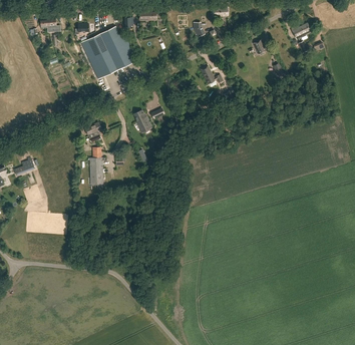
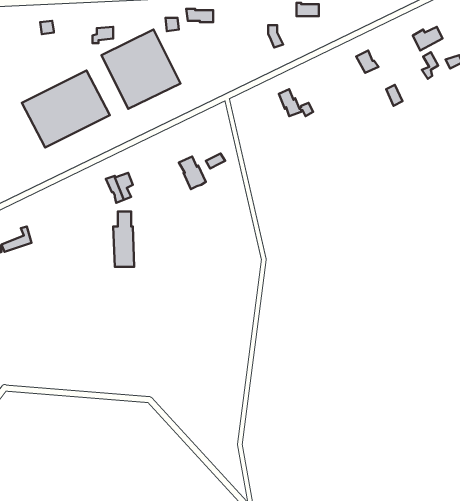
building: none -> [22,70,110,148]

